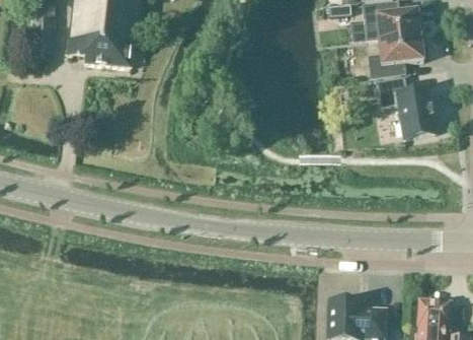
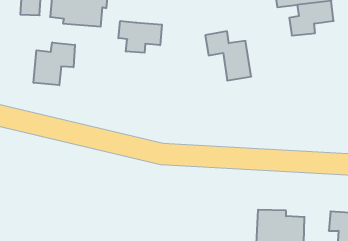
building: none -> [118,21,162,53]
building: [377,75,435,137] -> [205,31,251,80]
building: none -> [34,42,75,85]

